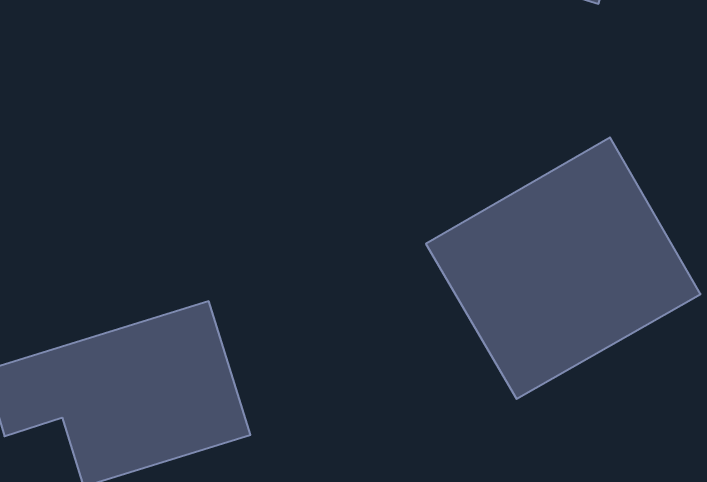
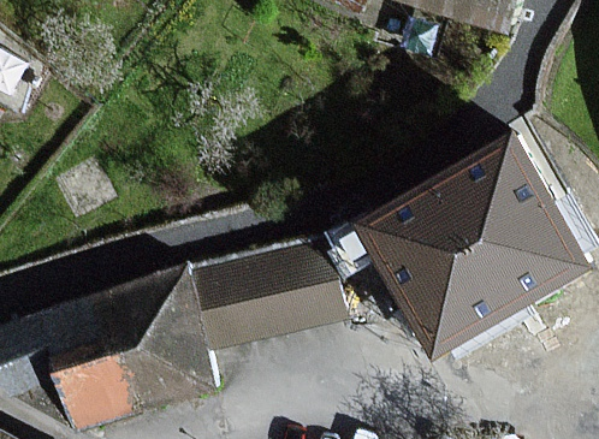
building: none -> [196,244,356,345]

